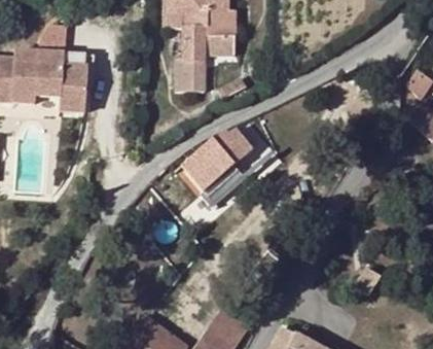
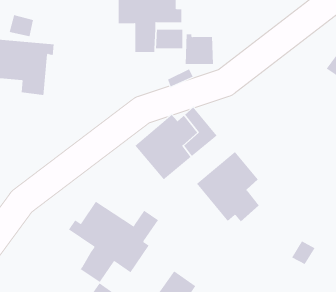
building: [175,59,207,93] -> [185,34,214,64]
building: none -> [196,151,260,222]
building: none -> [68,201,159,283]

